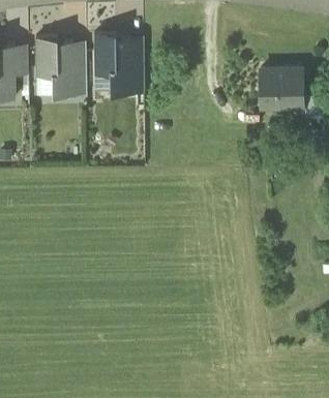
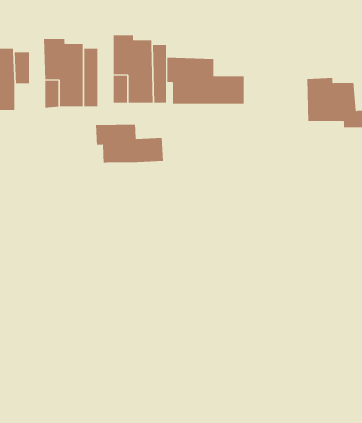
building: none -> [167,57,244,104]
building: none -> [95,124,163,163]

